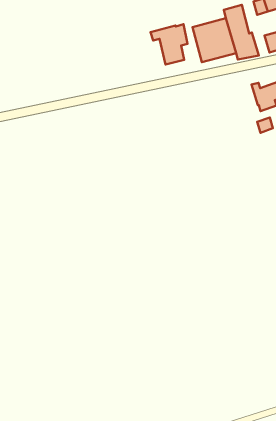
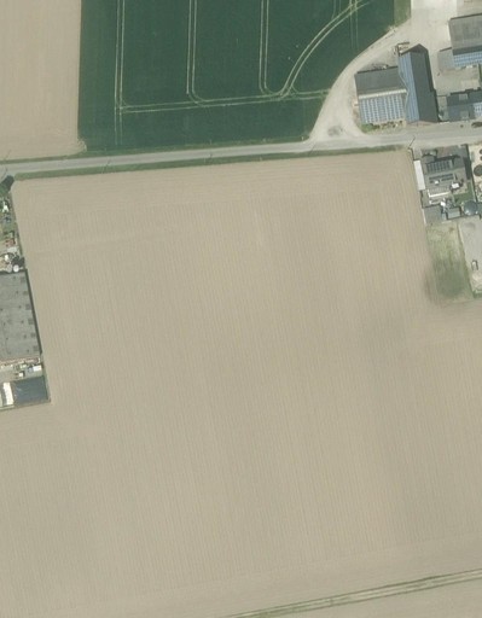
building: [150,24,188,65] -> none

